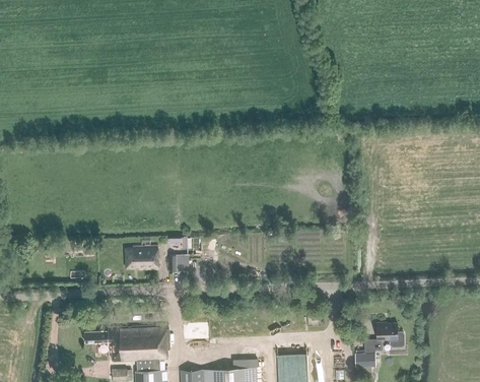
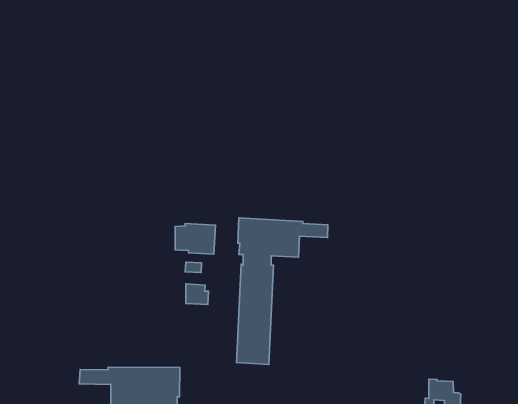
building: none -> [236,218,328,365]
building: [124,247,157,271] -> [175,223,216,254]

